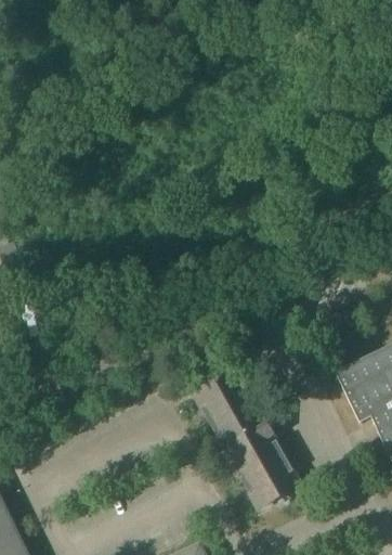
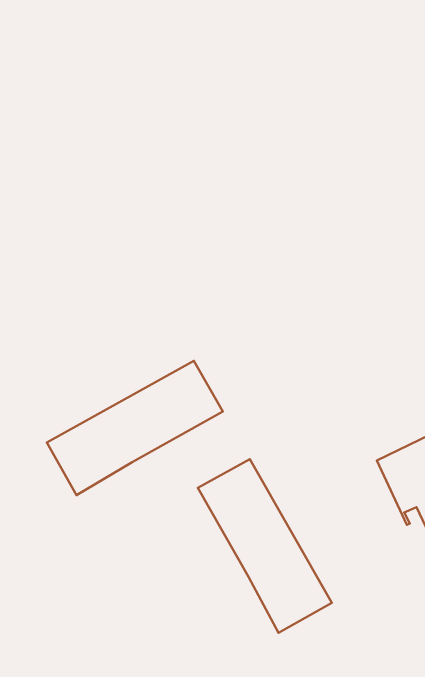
building: none -> [47,361,223,495]

